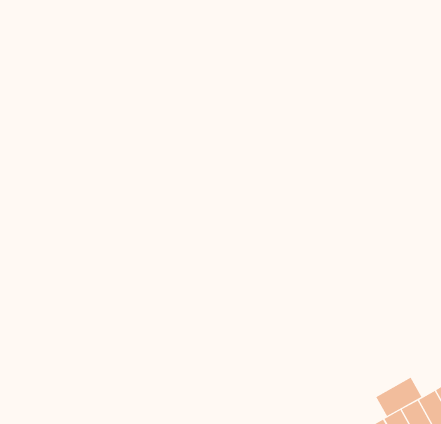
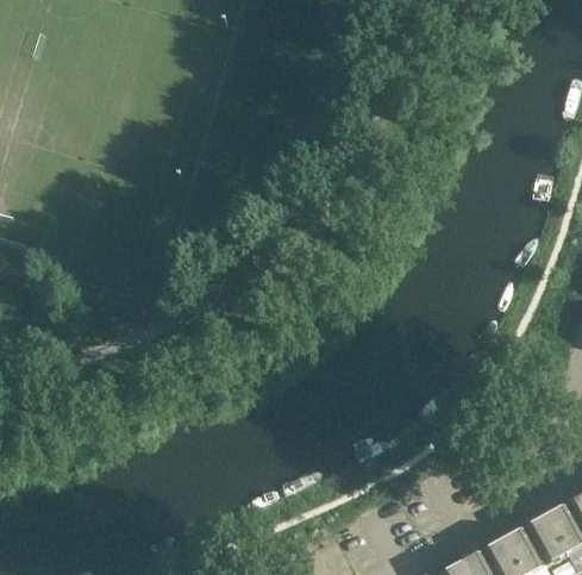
building: [375,377,422,417] -> none

